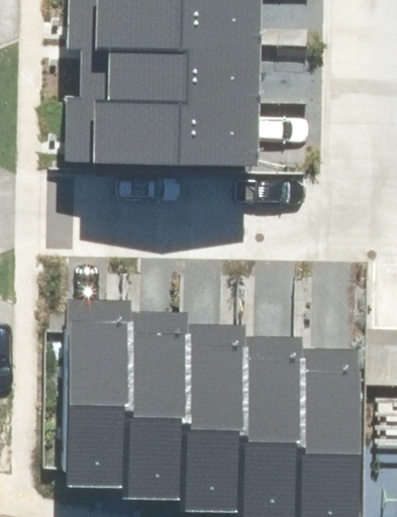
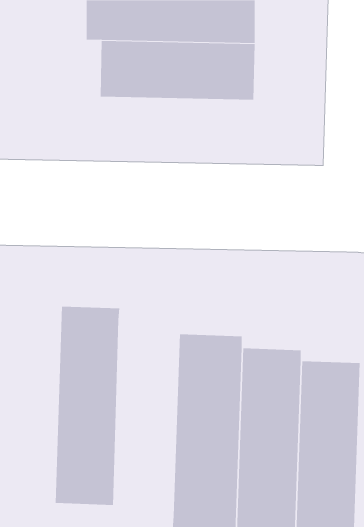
building: [92,100,256,164] -> none
building: [122,311,185,496] -> none

